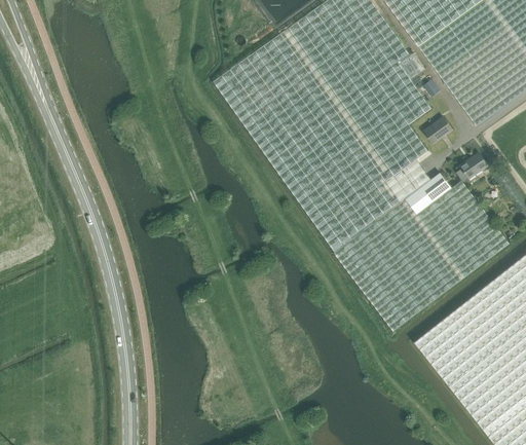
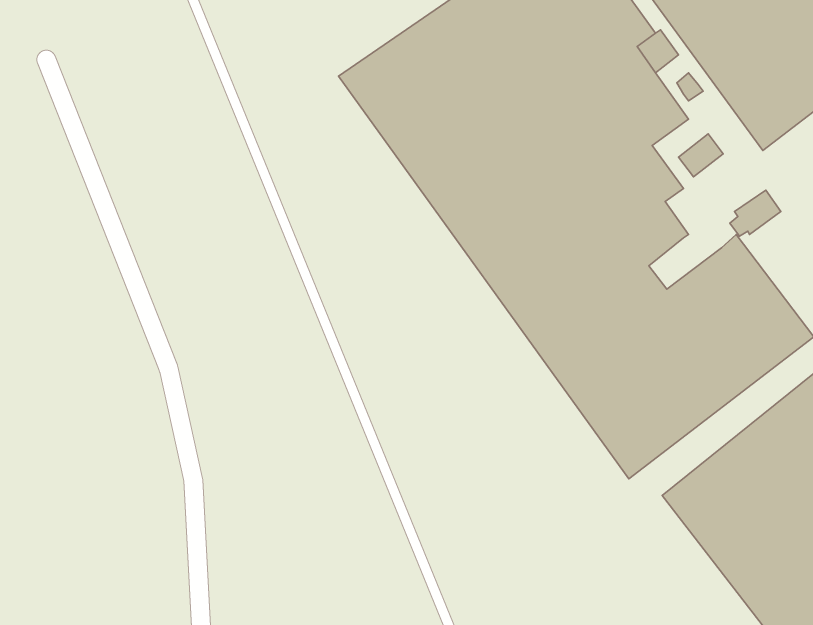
building: [407,173,452,214] -> none

